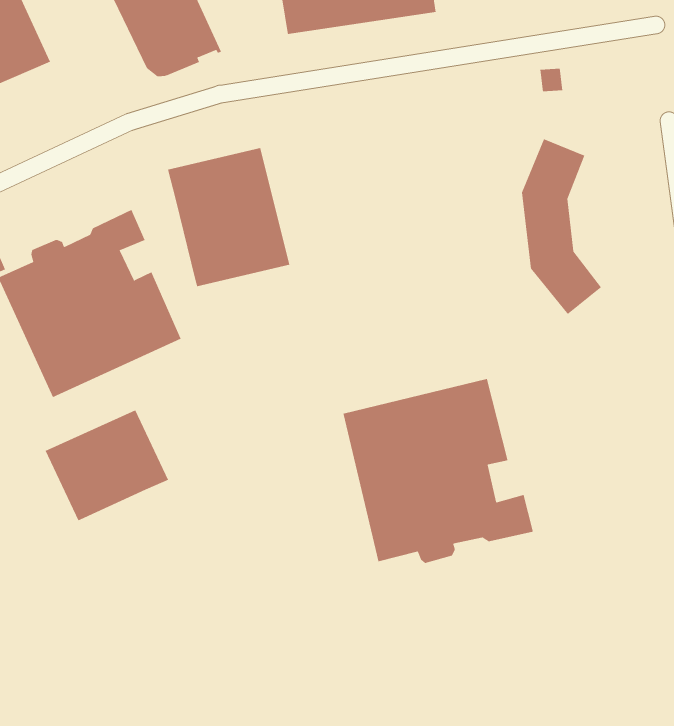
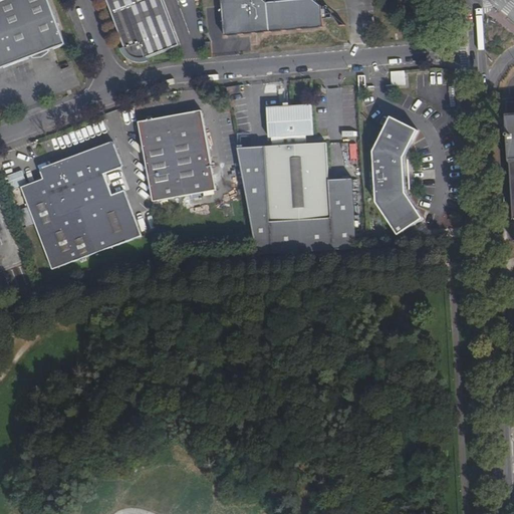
building: none -> [236,103,355,253]
building: [343,378,533,564] -> none
building: [45,409,169,521] -> none

